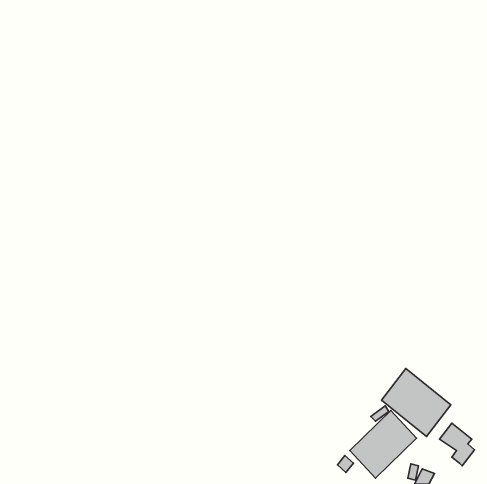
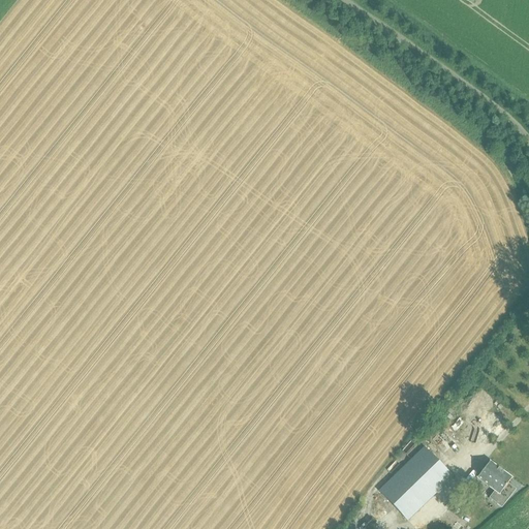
building: [382,368,451,436] -> none

